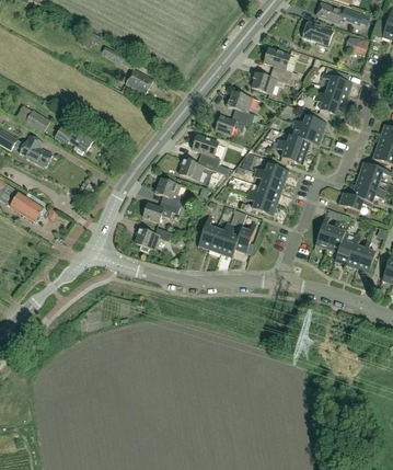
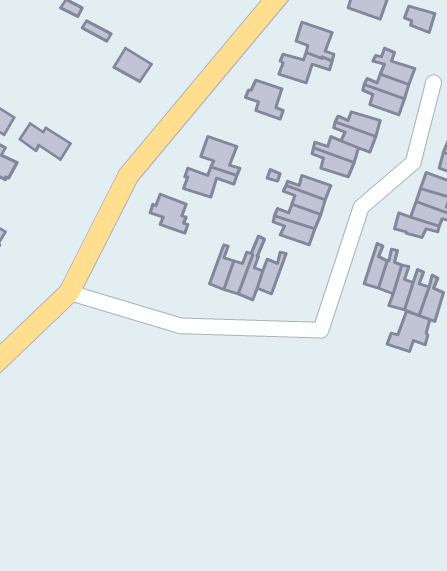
building: [215,114,252,136] -> none
building: [142,200,180,222] -> none
building: [135,227,171,252] -> none
building: none -> [387,311,430,352]

